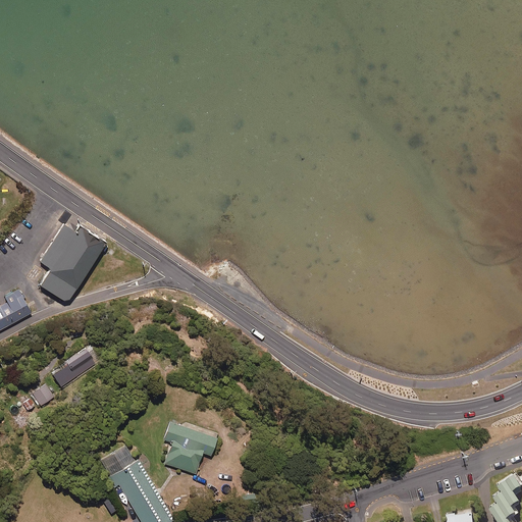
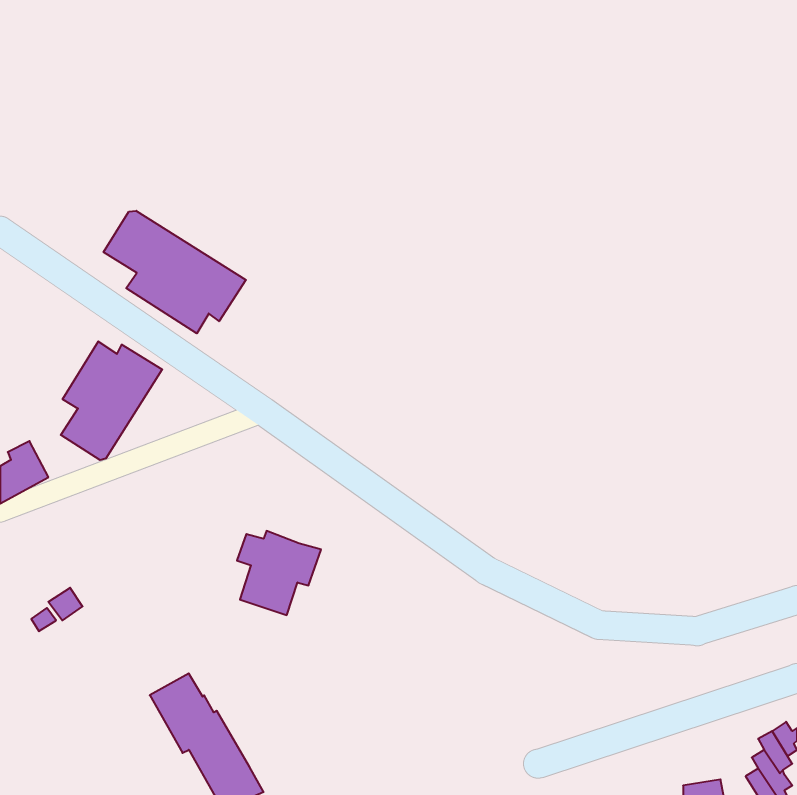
building: none -> [104,211,246,333]
building: [50,348,95,388] -> none
building: [163,420,218,475] -> [237,531,321,615]

